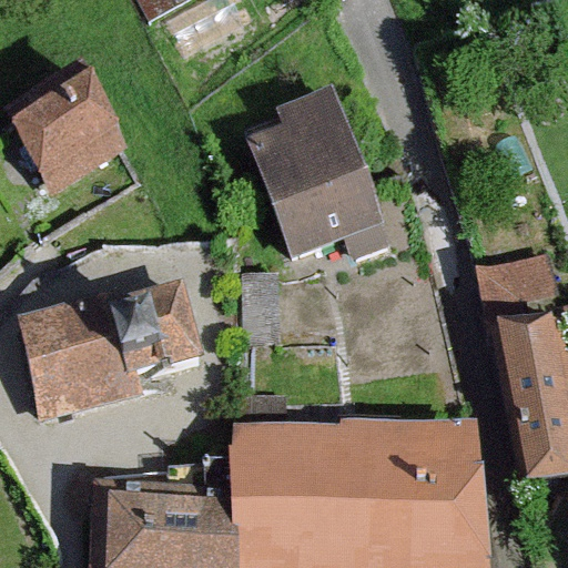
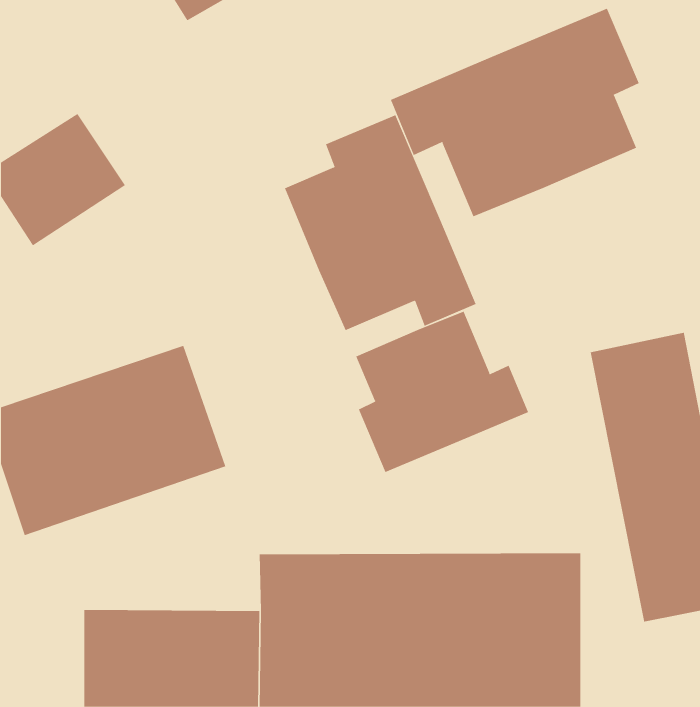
building: none -> [390,8,639,217]
building: none -> [356,311,529,473]

